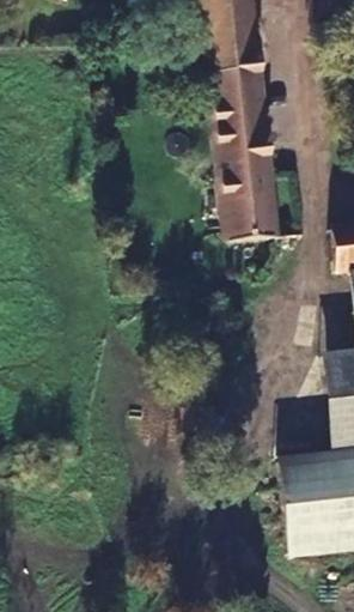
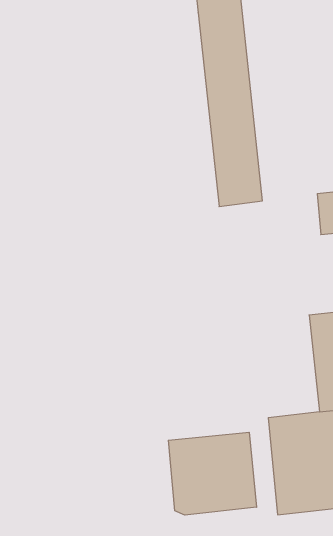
building: none -> [168,432,257,515]

